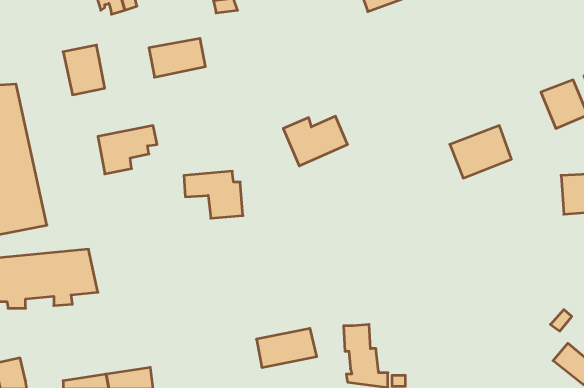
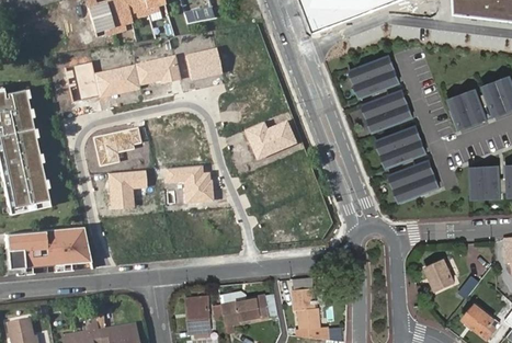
building: none -> [183,46,220,79]
building: none -> [351,56,401,99]
building: none -> [92,62,138,98]
building: none -> [365,91,414,133]
building: none -> [391,161,442,203]
building: none -> [104,169,145,208]
building: none -> [425,260,454,289]
building: none -> [192,295,211,328]

